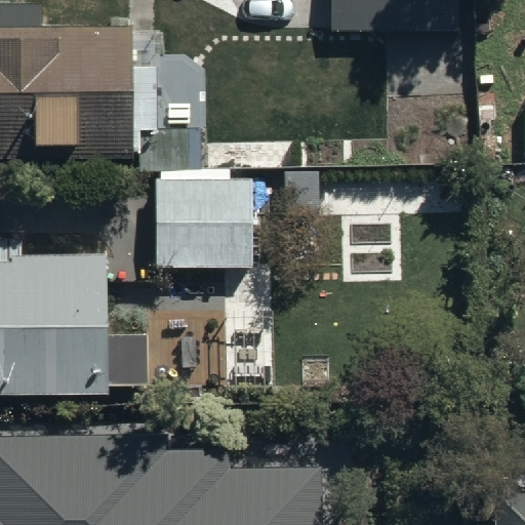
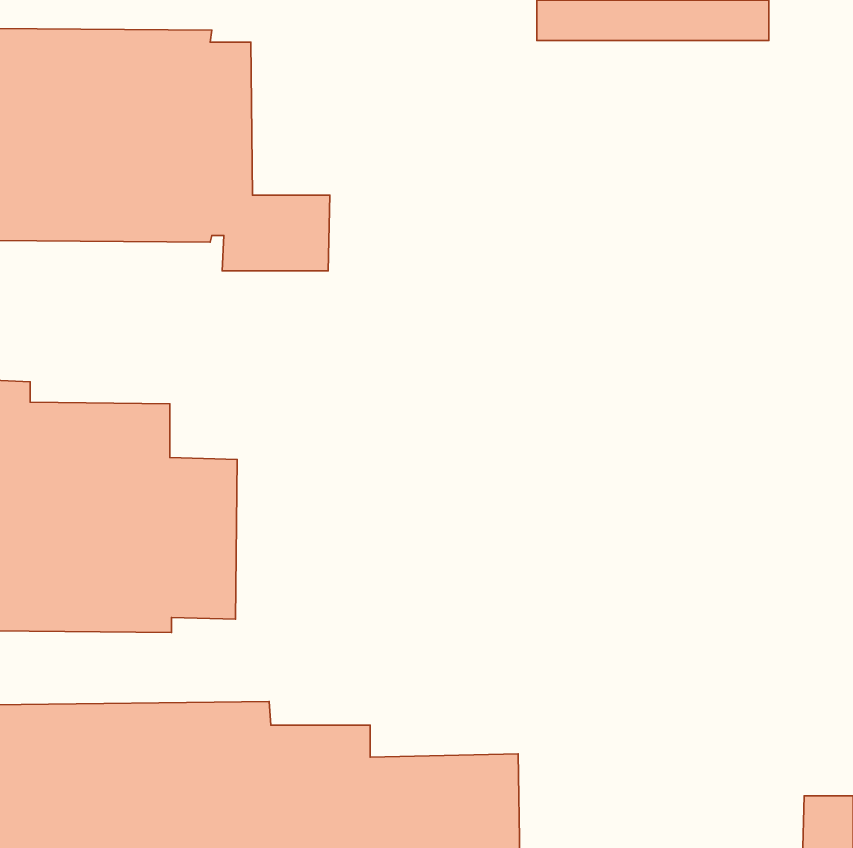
building: [152,179,251,271] -> none

